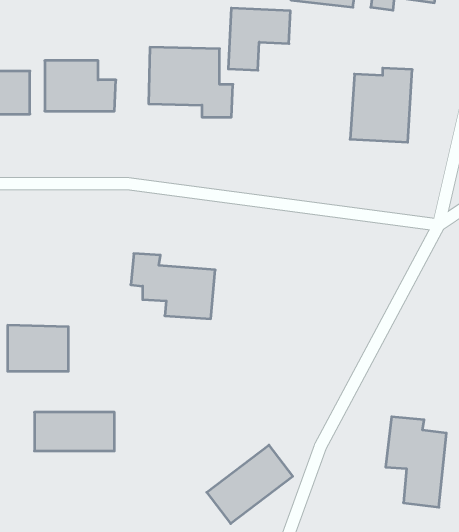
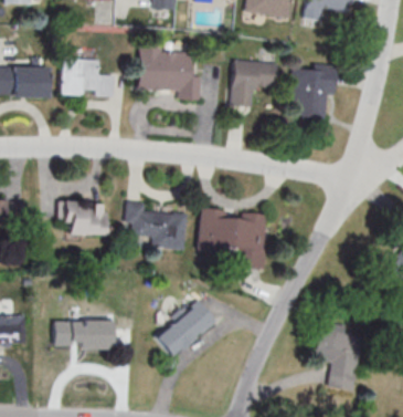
building: [228,8,290,70] -> [231,61,277,107]
building: none -> [198,209,268,272]
building: [8,325,68,371] -> [62,201,107,236]
building: [207,445,293,524] -> [152,300,216,358]

